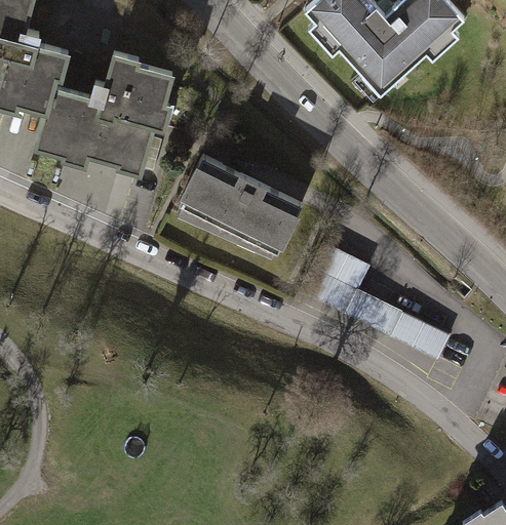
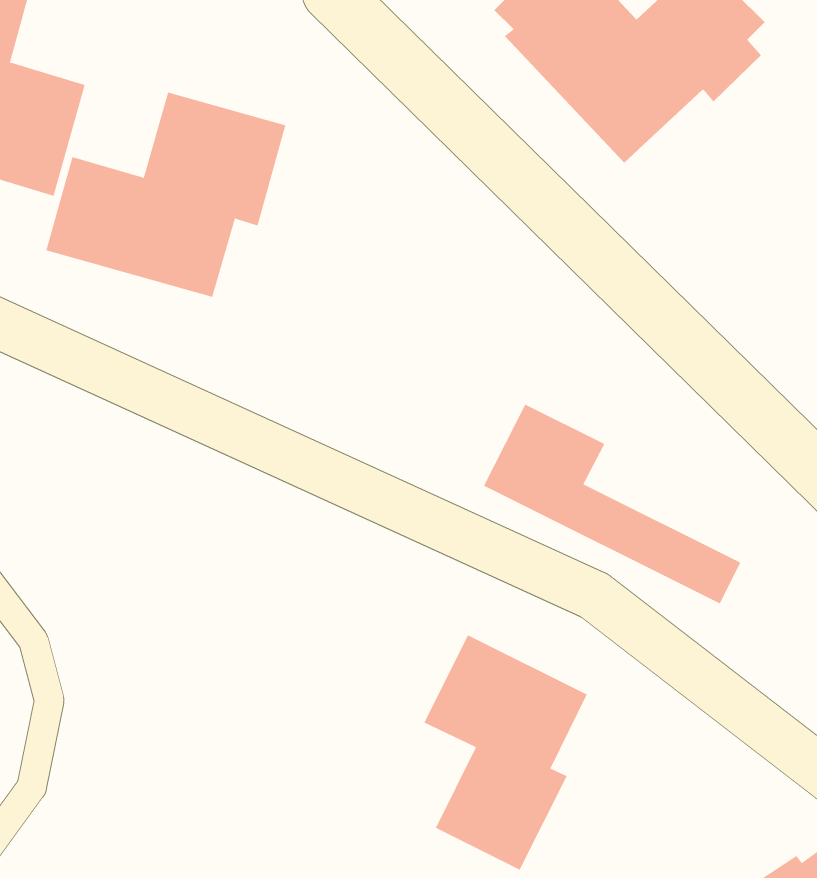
building: [173,159,297,254] -> none
building: none -> [423,635,587,870]

